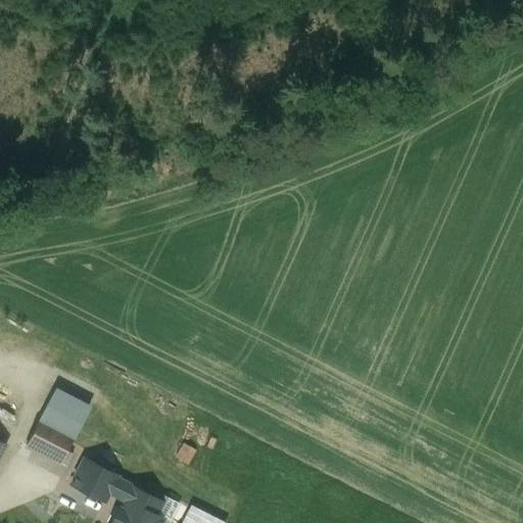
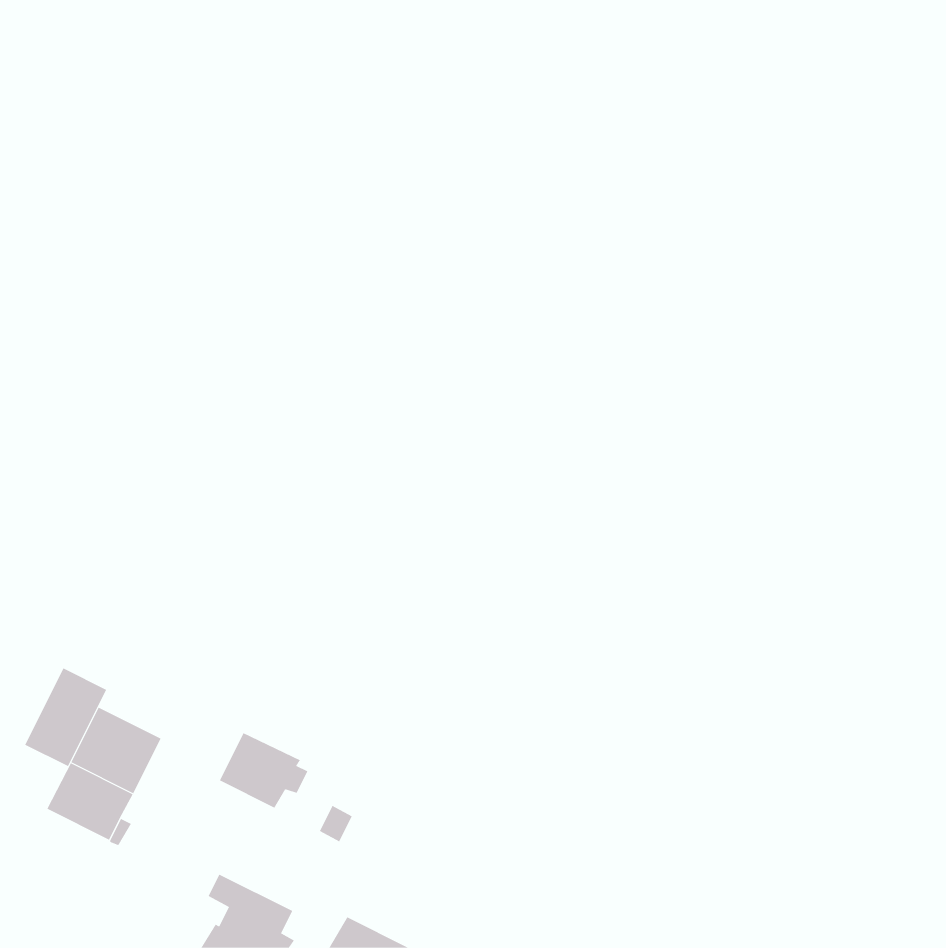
building: none -> [24,668,107,767]
building: [73,460,122,502] -> [219,732,308,808]

